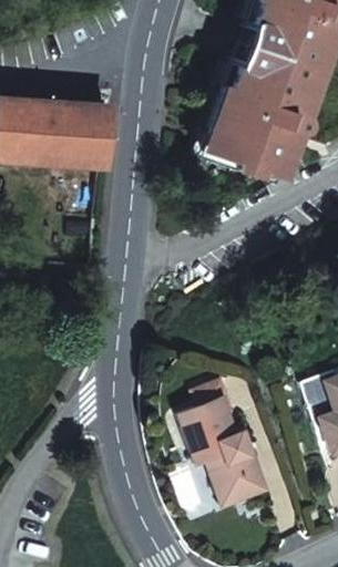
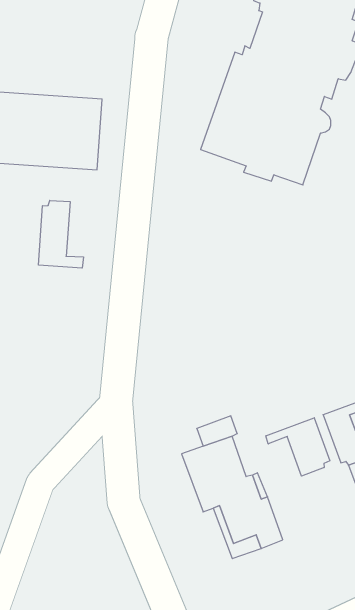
building: none -> [39,200,83,268]
building: none -> [266,418,330,476]

